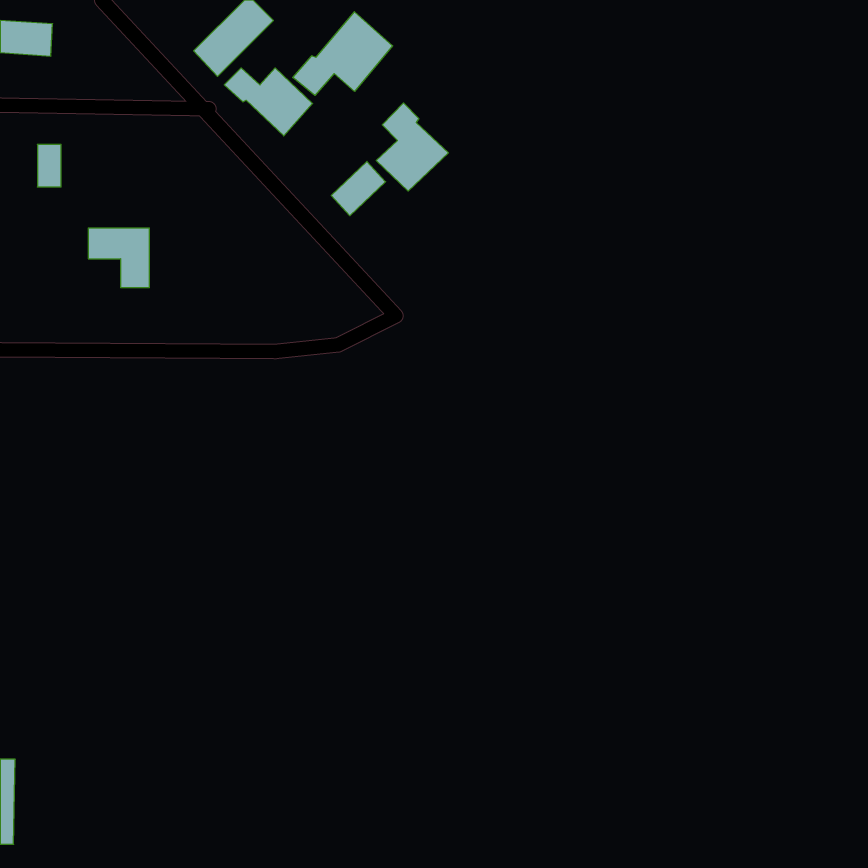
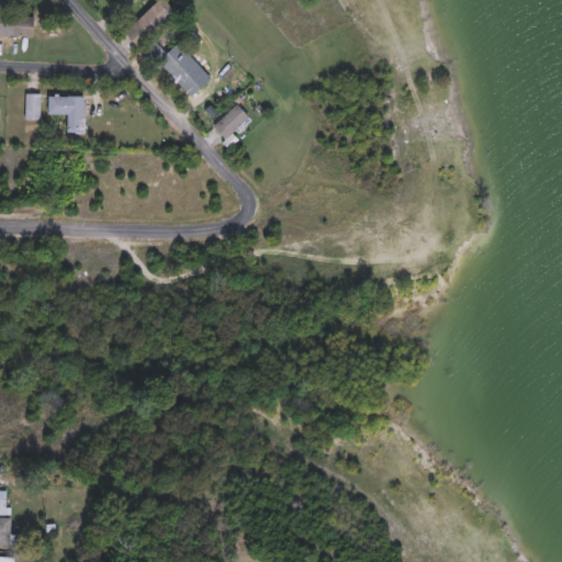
building: [293,12,393,95] -> none
building: [376,103,448,191] -> none
building: [88,228,149,288] -> [47,95,87,134]

